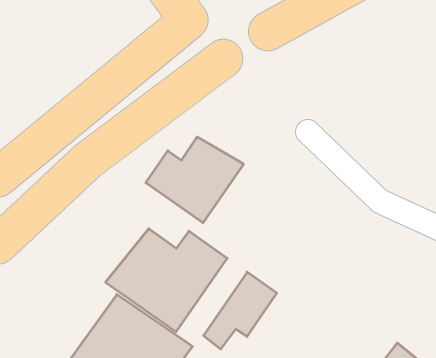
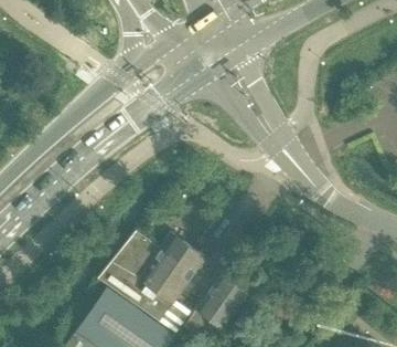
building: [146,137,243,223] -> none

